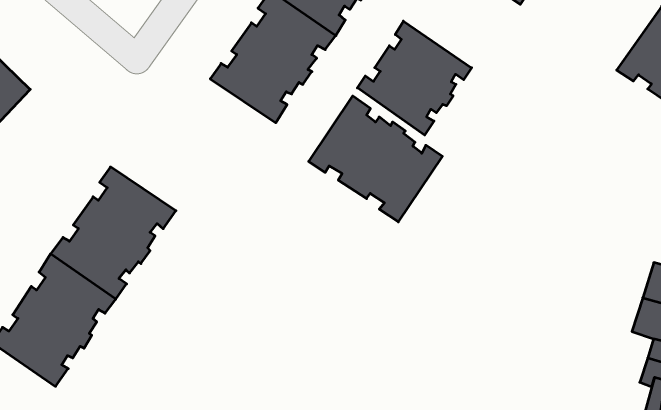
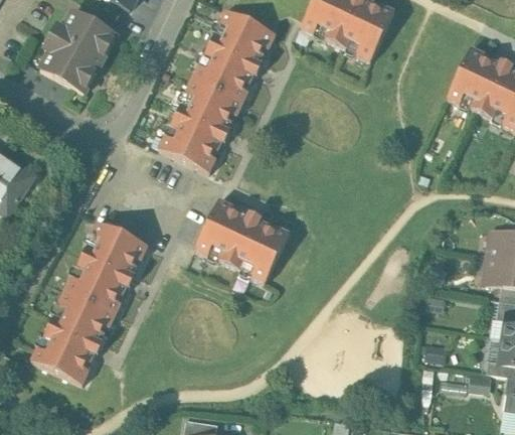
building: [357,21,472,135] -> none
building: [309,96,442,222] -> [194,197,289,282]

